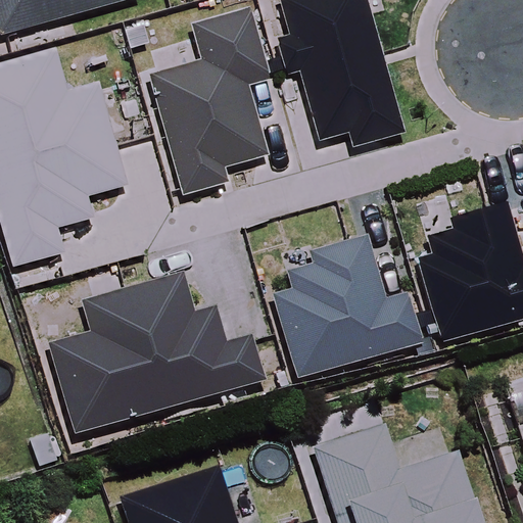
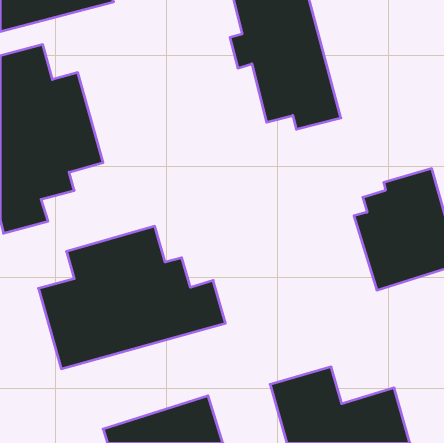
building: [144,10,267,201] -> none
building: [272,229,422,371] -> none

